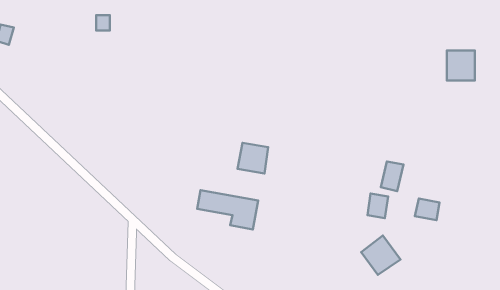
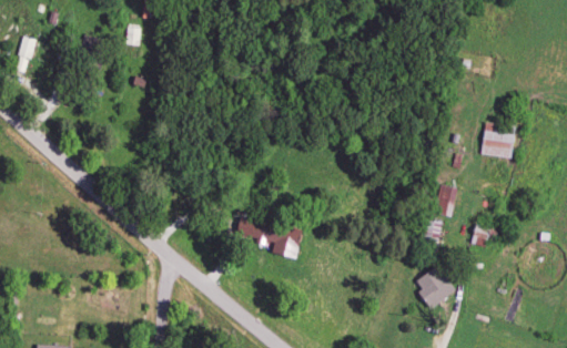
building: [447,50,475,80] -> [483,125,513,157]
building: [237,143,268,174] -> none

